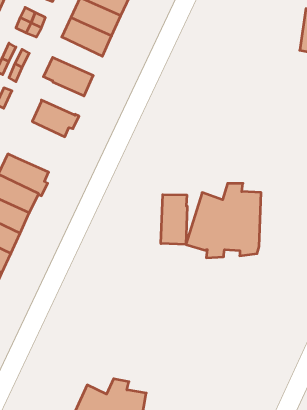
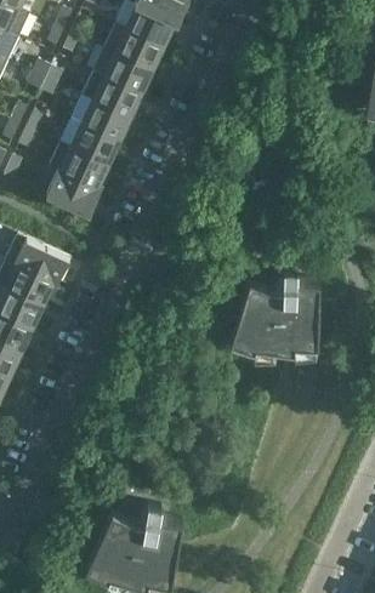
building: none -> [70,95,130,141]
building: none -> [49,142,108,188]
building: [161,195,187,244] -> none

